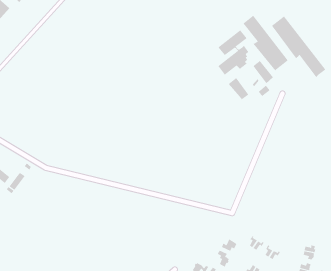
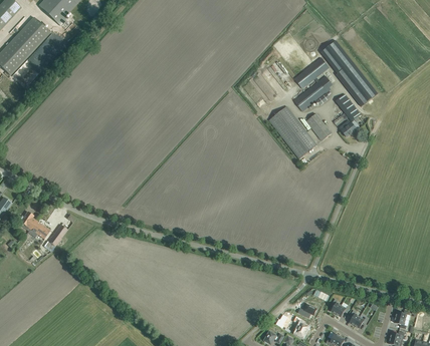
building: [271,16,326,78] -> none
building: none -> [268,106,316,158]

